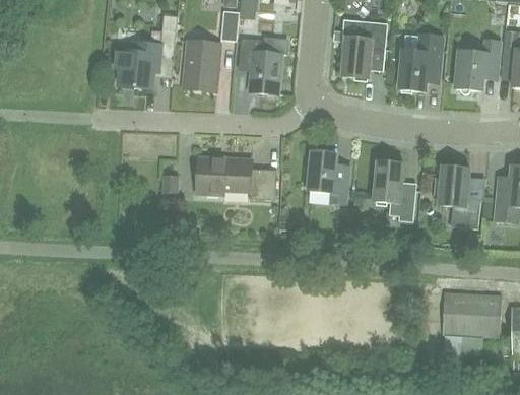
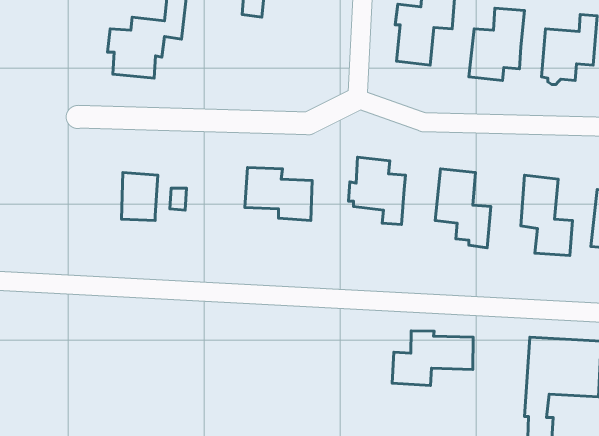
building: [238,37,281,93] -> none
building: [183,40,220,90] -> none
building: [196,156,224,194] -> [121,173,158,221]
building: none -> [392,331,473,385]

